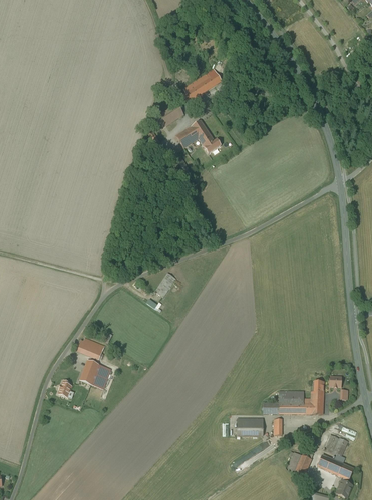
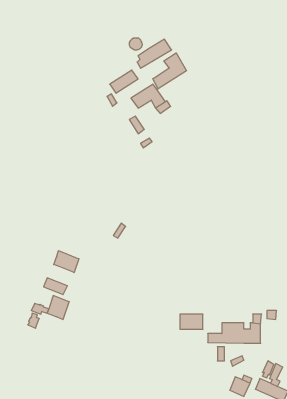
building: none -> [153,53,186,89]
building: none -> [54,251,79,273]
building: [237,418,263,435] -> [180,314,203,329]

